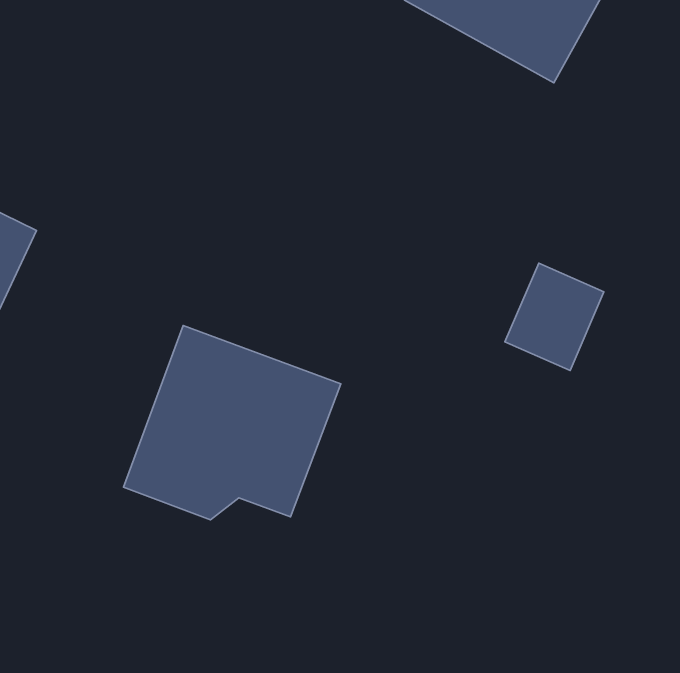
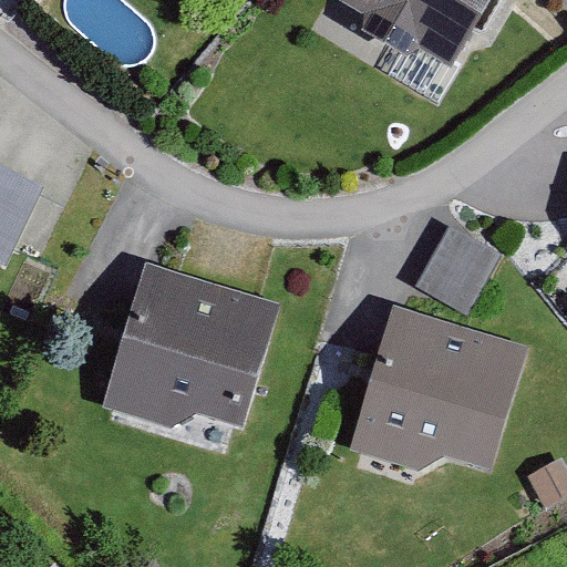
building: none -> [357,312,524,467]

